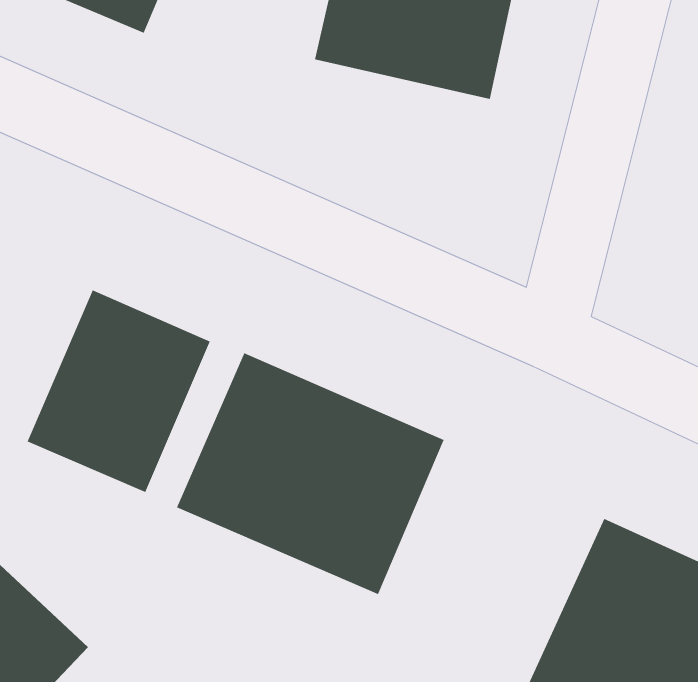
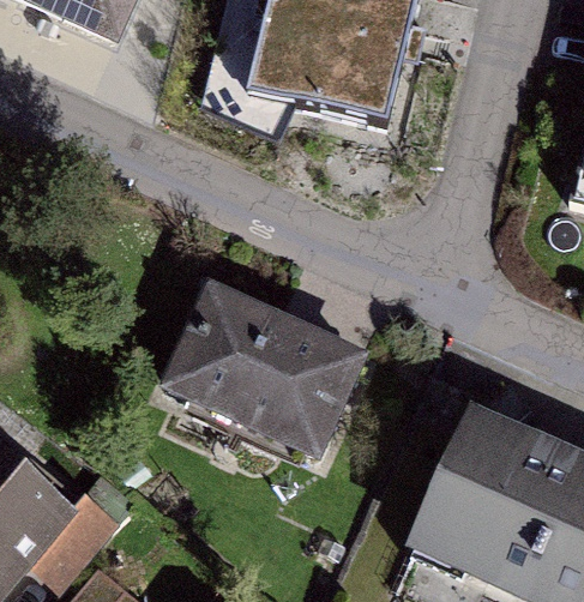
building: [27,289,210,493] -> none

